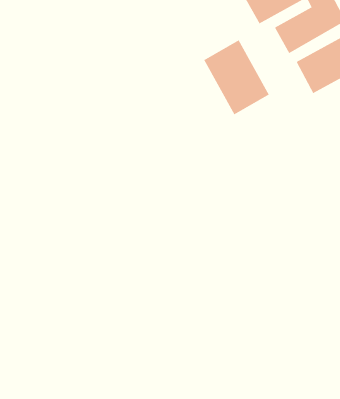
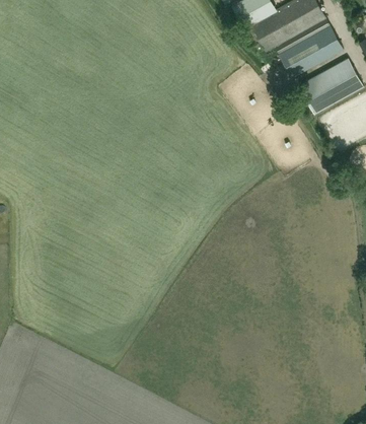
building: [203,40,270,115] -> none

